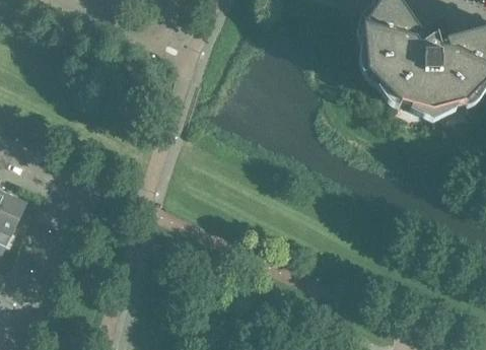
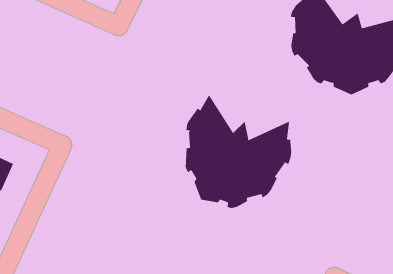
building: none -> [185,94,292,209]

